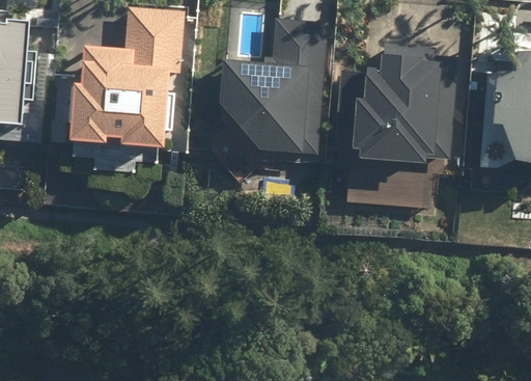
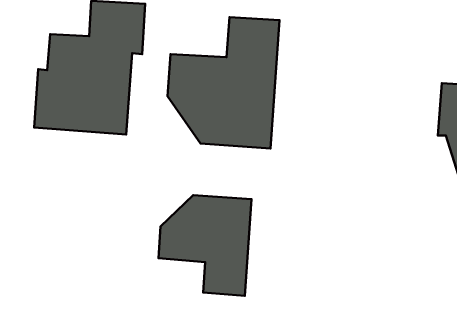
building: [329,50,450,172] -> none
building: none -> [158,195,251,296]

